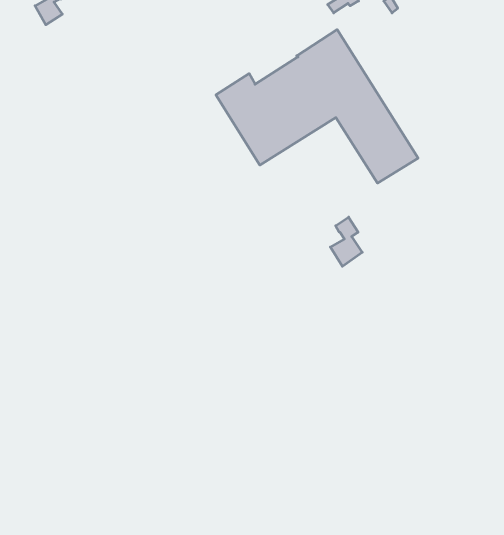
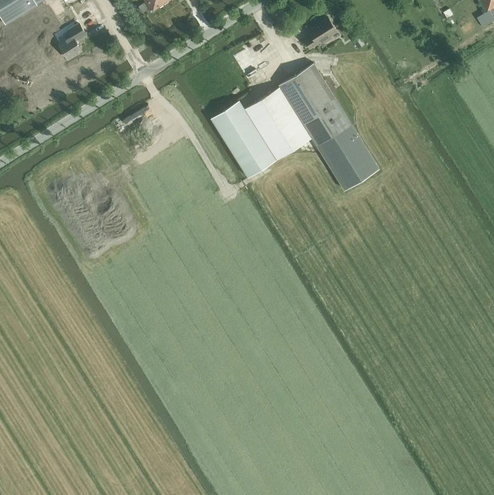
building: [330,217,362,266] -> none

